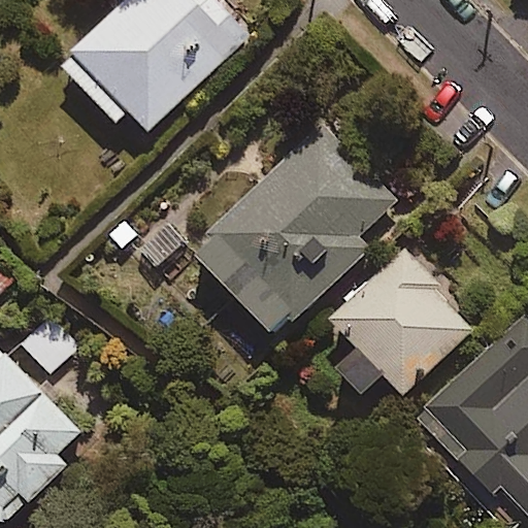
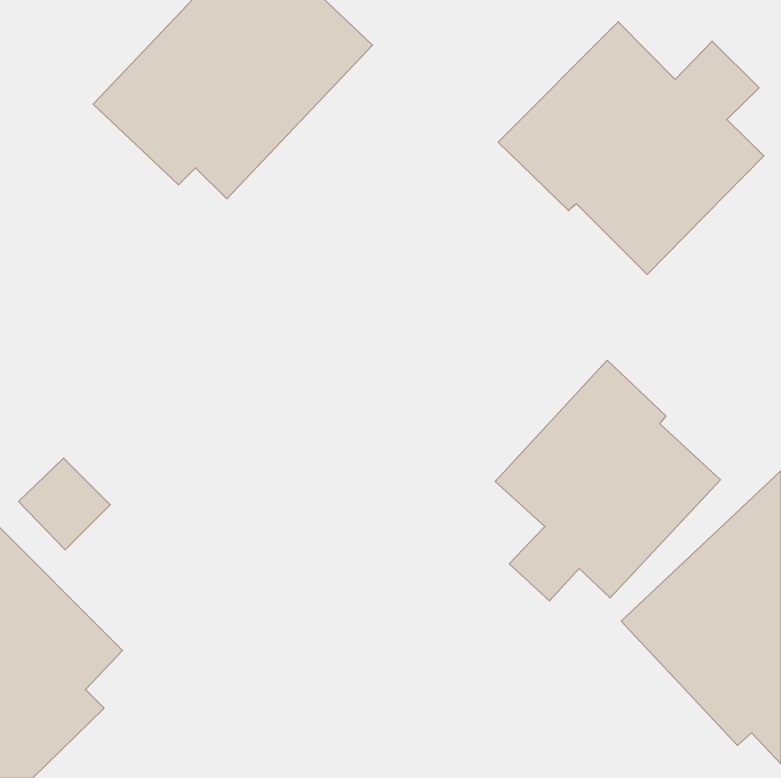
building: none -> [498,22,764,274]
building: [194,130,389,339] -> none

